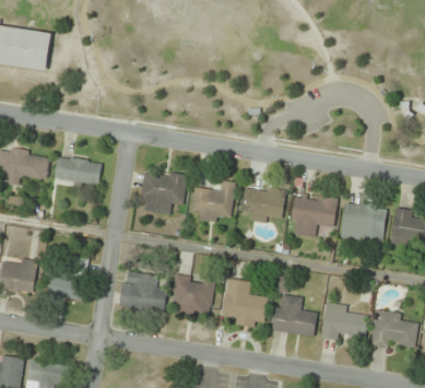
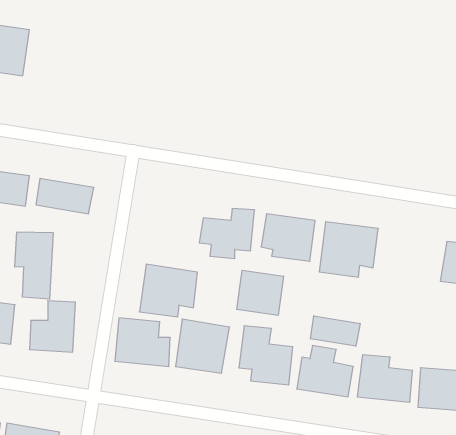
building: [139,169,187,213] -> [139,264,197,317]
building: none -> [15,232,53,299]
building: [341,201,387,240] -> none
building: none -> [237,270,283,315]
building: none -> [311,316,360,346]

